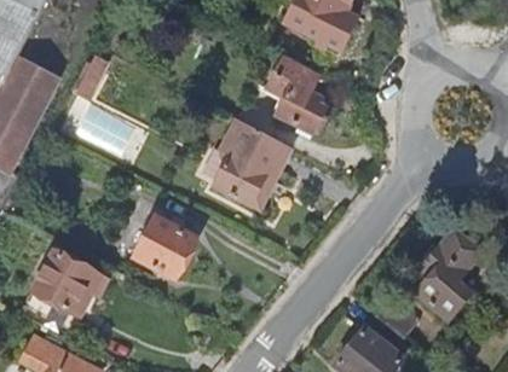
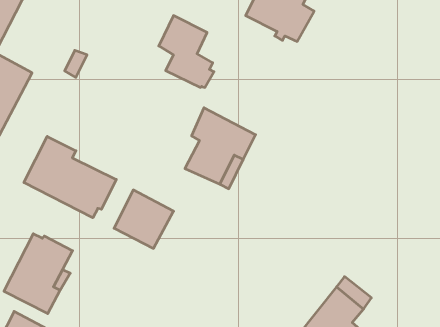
building: [267,56,327,133] -> [159,16,214,87]
building: none -> [24,136,116,218]
building: [418,228,484,319] -> none

